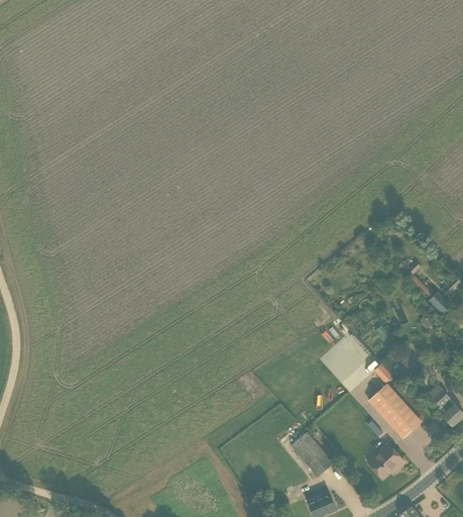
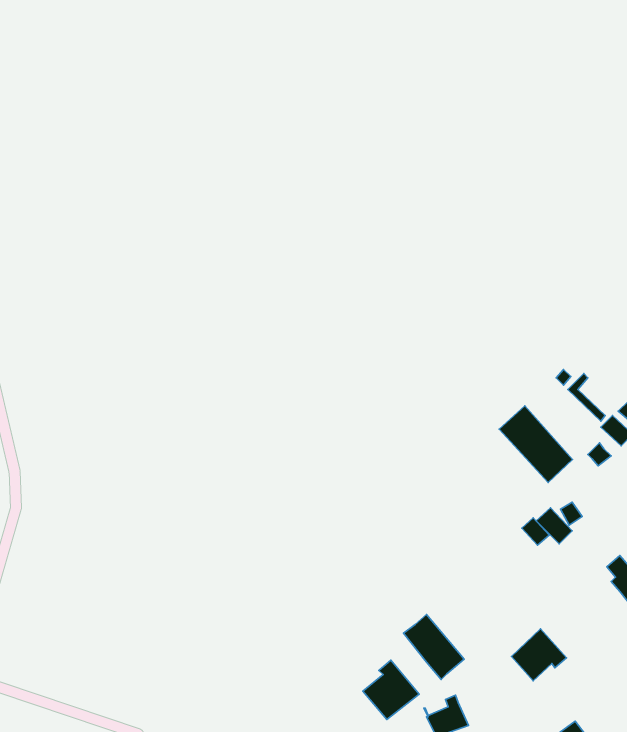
building: [369,385,421,438] -> [499,406,573,482]
building: none -> [363,660,419,719]

